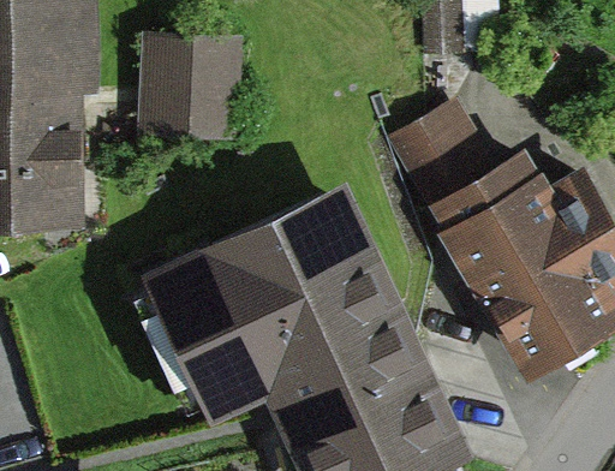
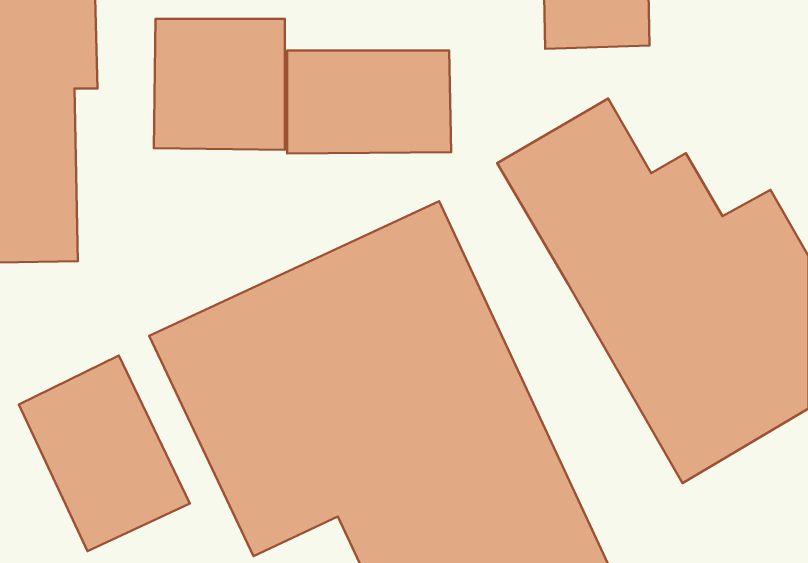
building: none -> [287,50,451,153]
building: none -> [19,355,190,551]

